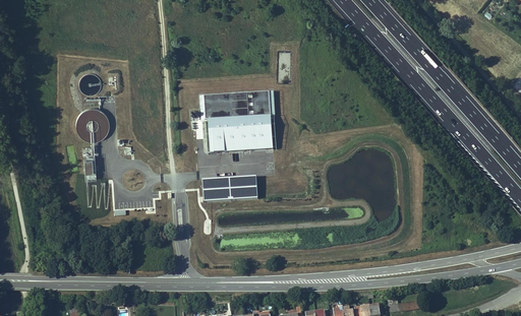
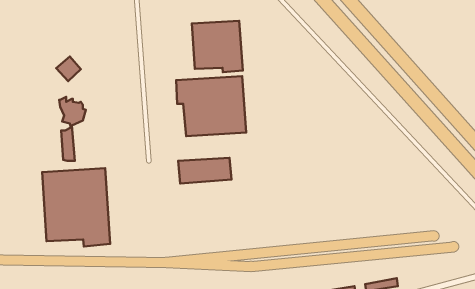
building: none -> [192,21,243,72]
building: none -> [42,168,110,246]

